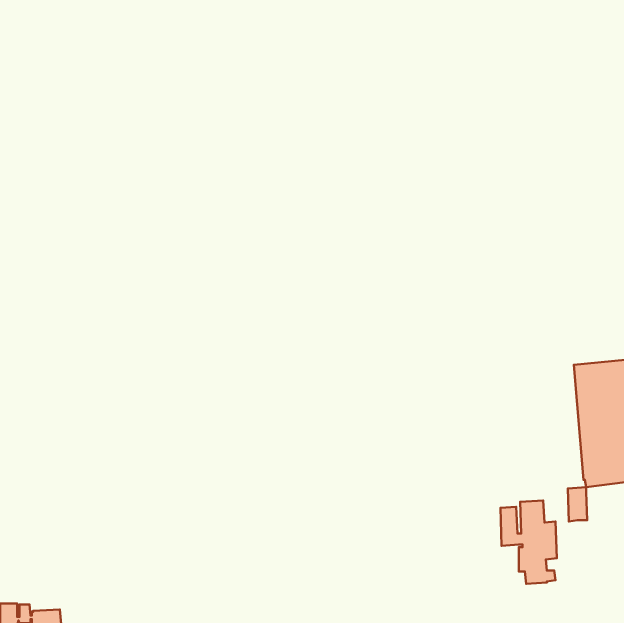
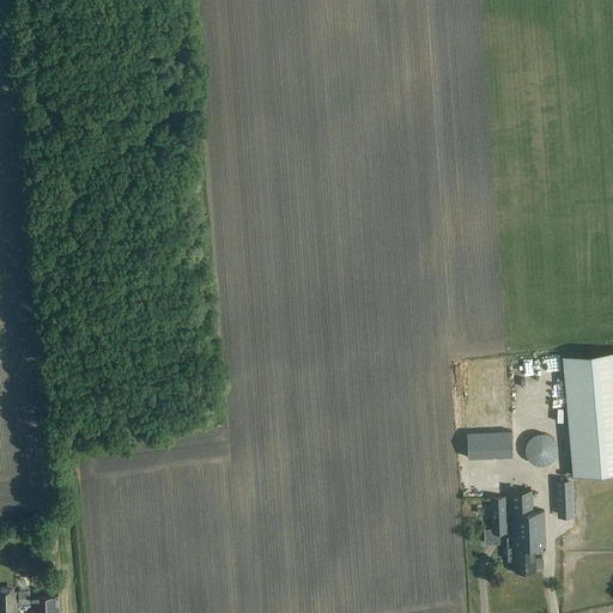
building: none -> [468,432,514,460]
building: none -> [526,436,558,468]

